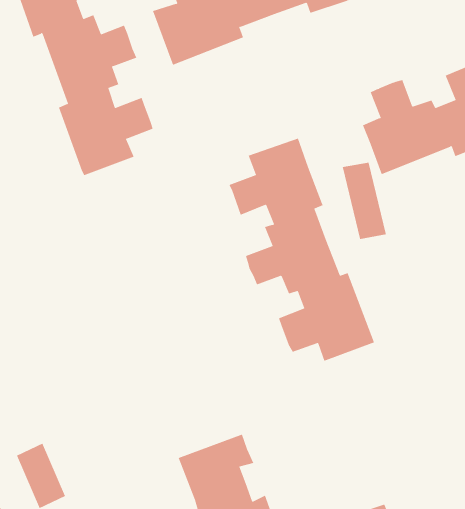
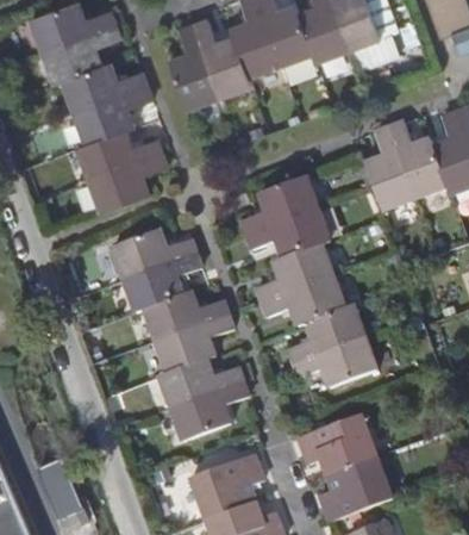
building: [342,162,386,240] -> none
building: none -> [112,231,248,442]
building: none -> [299,412,393,520]

